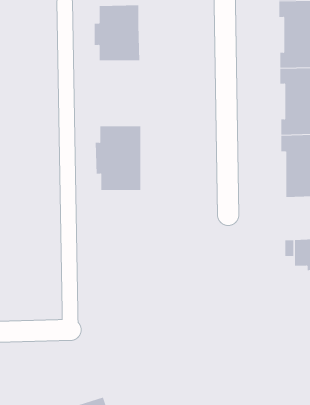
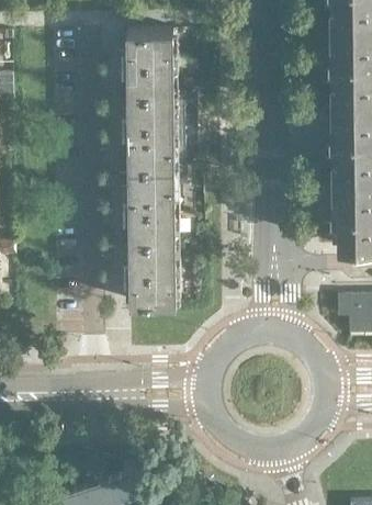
building: none -> [123,96,176,169]
building: none -> [124,243,177,305]

